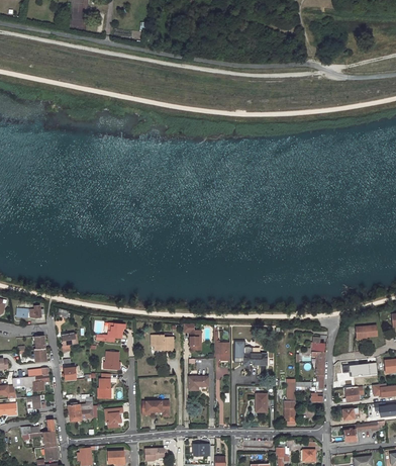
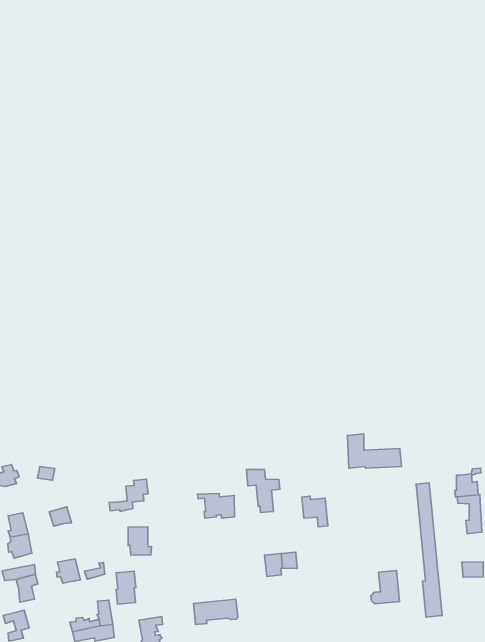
building: [234,343,267,365] -> [347,434,402,468]

